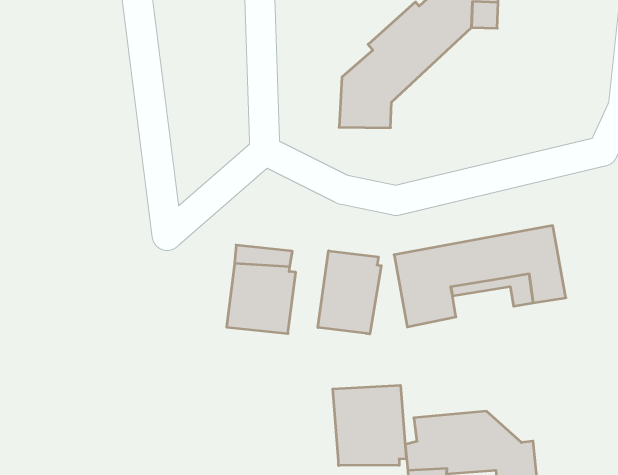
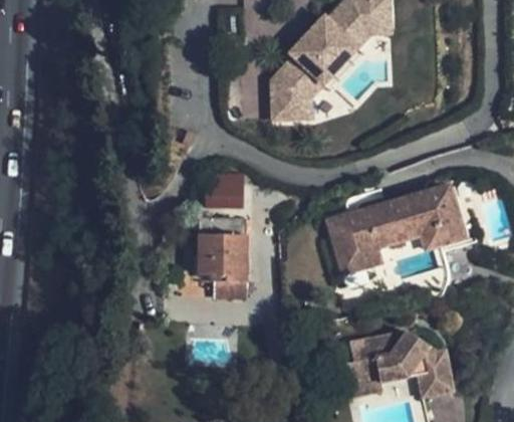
building: none -> [206,173,245,208]
building: [318,251,381,334] -> none
building: [333,385,406,466] -> none

